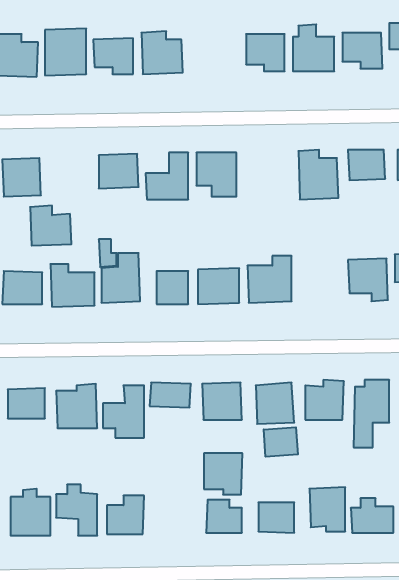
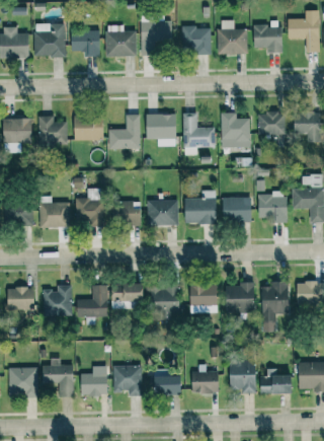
building: none -> [141,19,172,51]
building: none -> [183,113,216,155]
building: [30,206,71,246] -> [37,115,68,144]
building: none -> [222,197,251,222]
building: [264,427,298,457] -> none
building: [204,453,242,495] -> [113,365,142,395]

